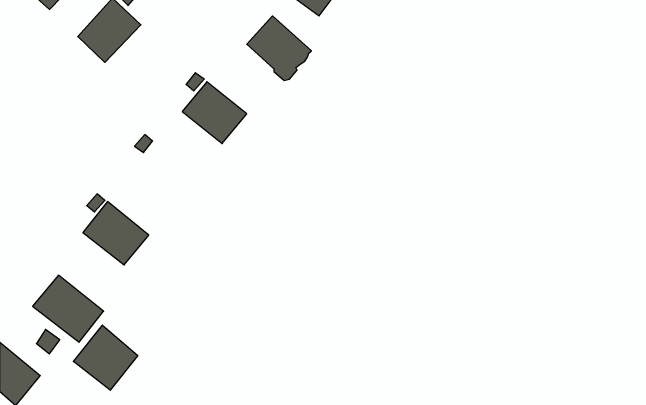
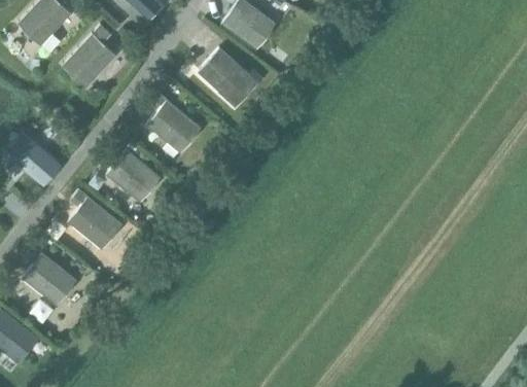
building: none -> [6,134,61,186]
building: none -> [107,151,159,201]
building: [73,325,138,390] -> none

